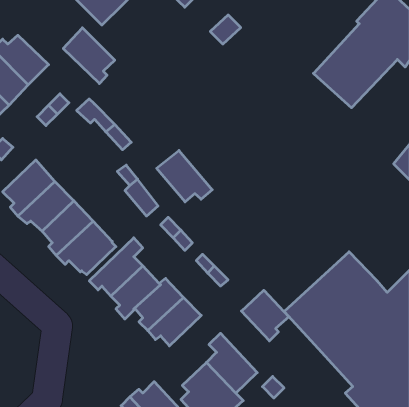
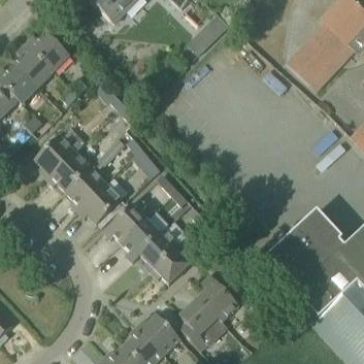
building: [63,28,115,84] -> none
building: [157,150,212,202] -> none
building: [241,290,289,341] -> none

